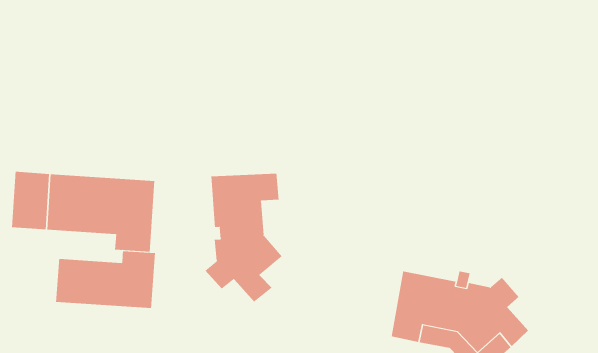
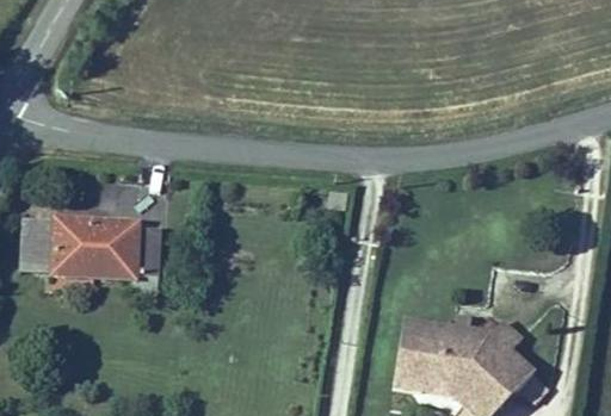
building: [204,173,282,302] -> none
building: [56,250,155,309] -> none

